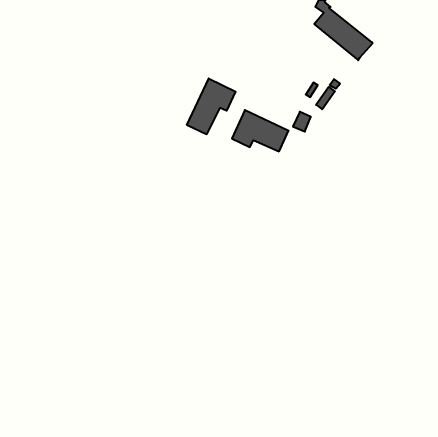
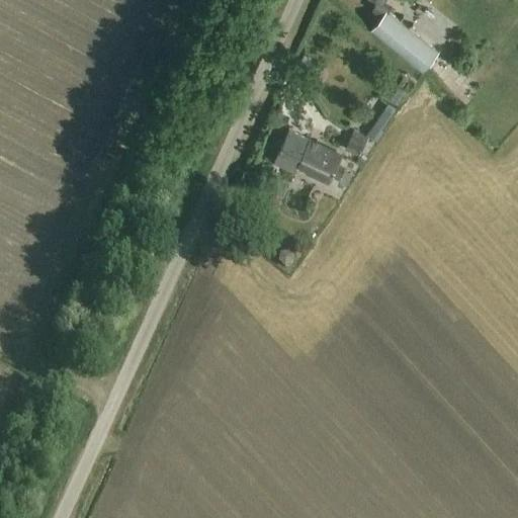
building: [187,78,236,134] -> none

